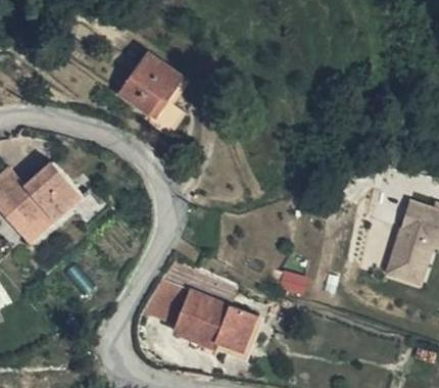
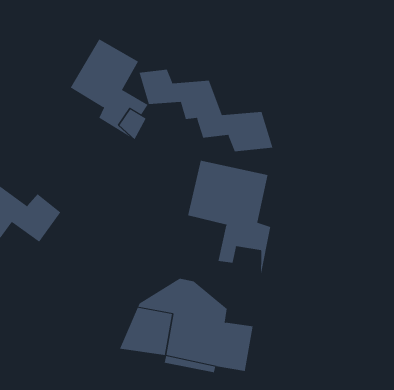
building: none -> [139,69,273,152]
building: none -> [188,160,271,278]

